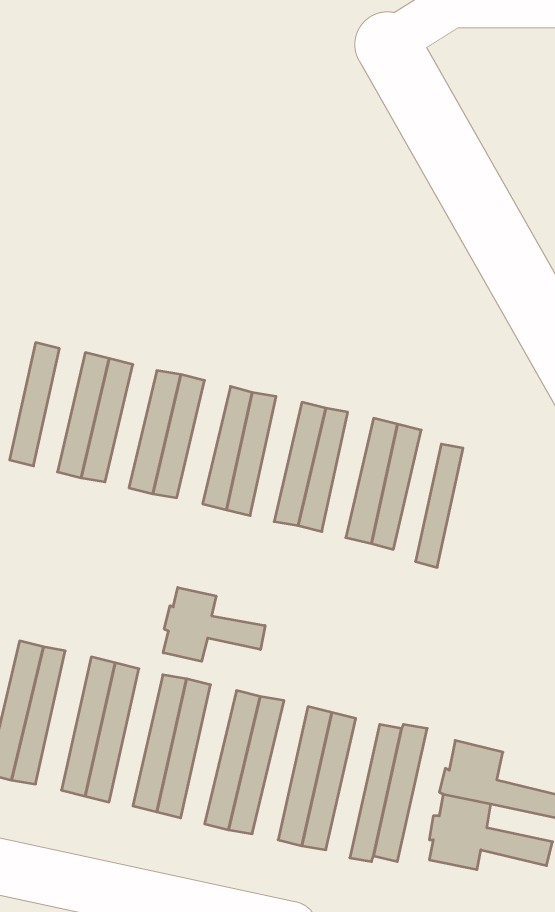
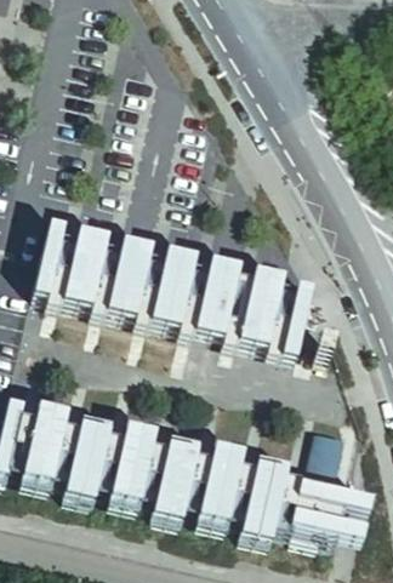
building: [163,587,265,661] -> none

